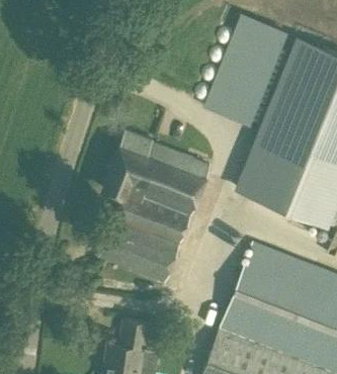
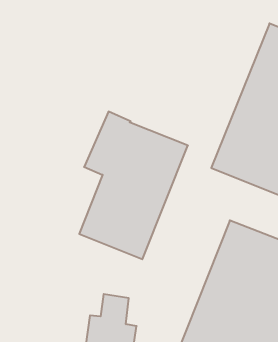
building: [210,20,288,126] -> none

